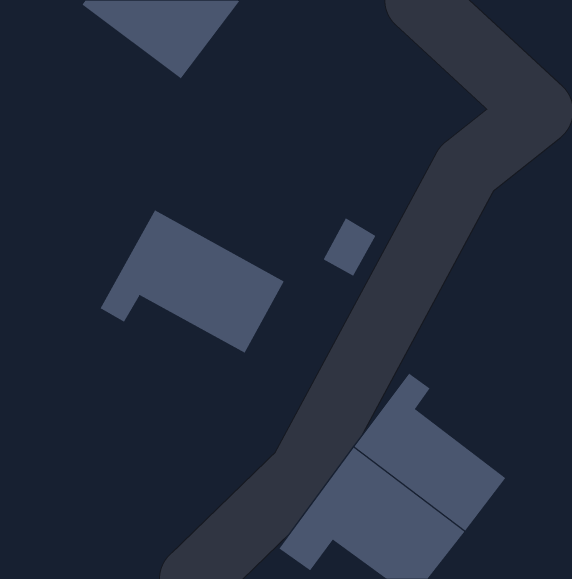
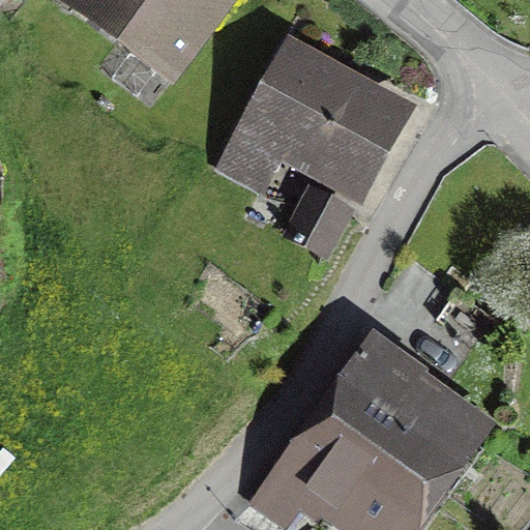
building: none -> [227,50,405,188]
building: [100,209,284,353] -> none

